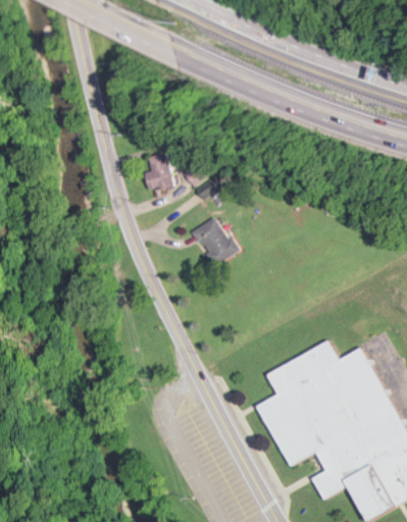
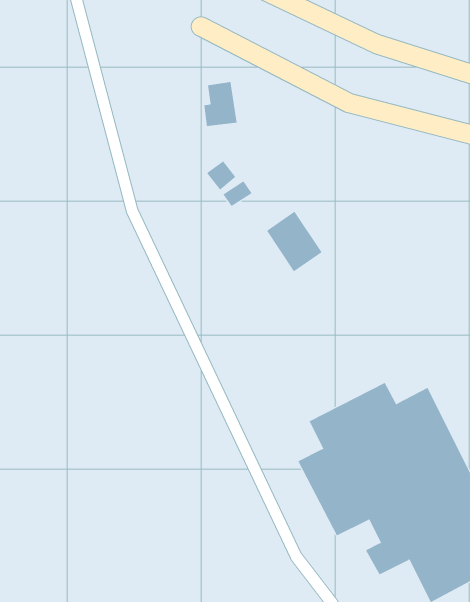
building: [145,152,172,189] -> [204,81,237,127]
building: [192,215,238,265] -> [266,211,322,272]

